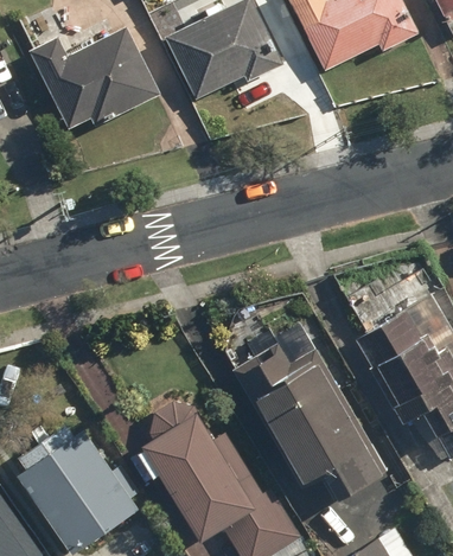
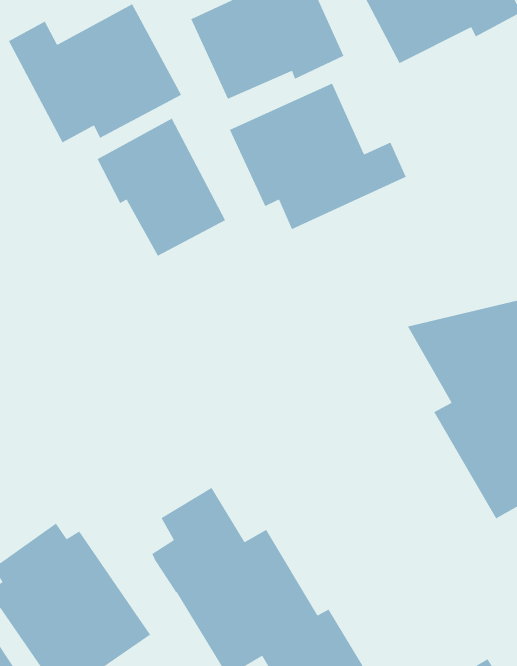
building: none -> [229,82,407,230]
building: none -> [96,118,226,257]
building: [231,350,384,497] -> none

